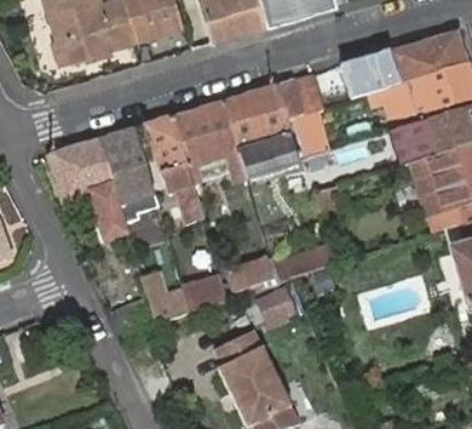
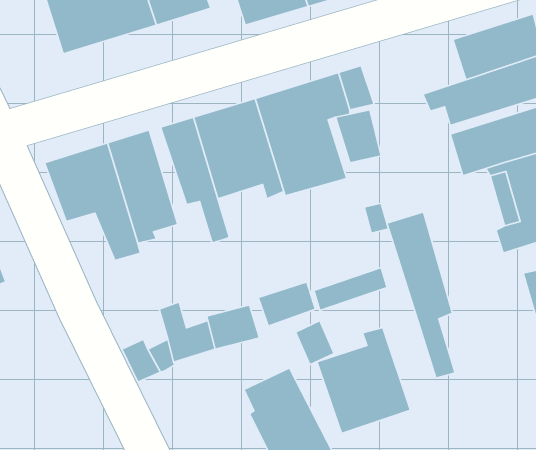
building: [339,51,401,102] -> none
building: none -> [387,212,455,378]
building: none -> [317,328,410,434]

